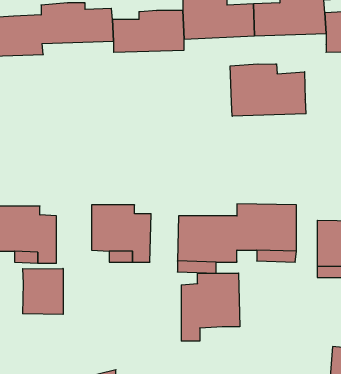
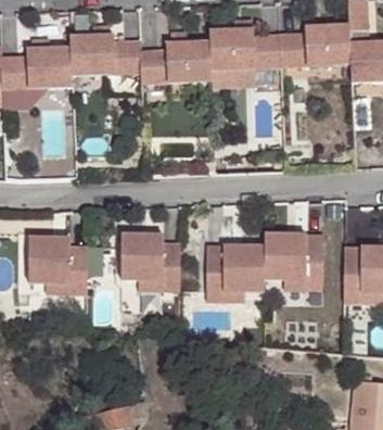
building: [230,64,306,116] -> none
building: [23,268,63,314] -> none
building: [181,273,240,341] -> none

